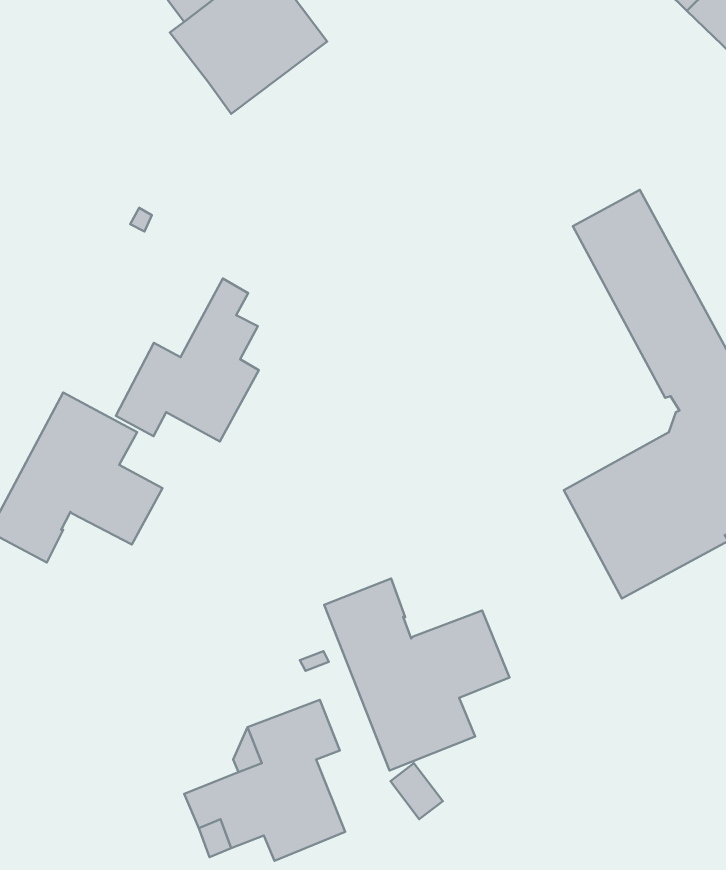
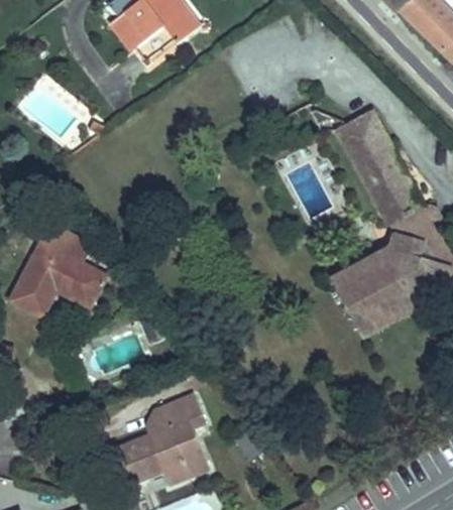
building: [116,279,259,441] -> none
building: [324,578,509,771] -> none

